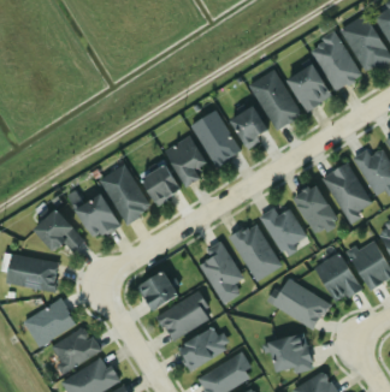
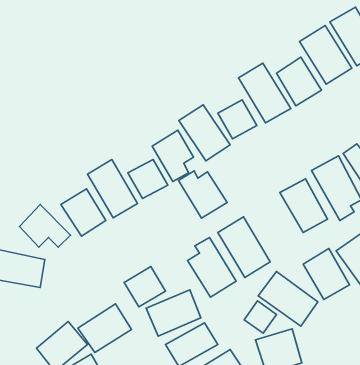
building: [259,207,307,254] -> [178,171,227,218]
building: [23,298,76,346] -> [78,304,131,353]
building: none -> [244,301,277,333]

